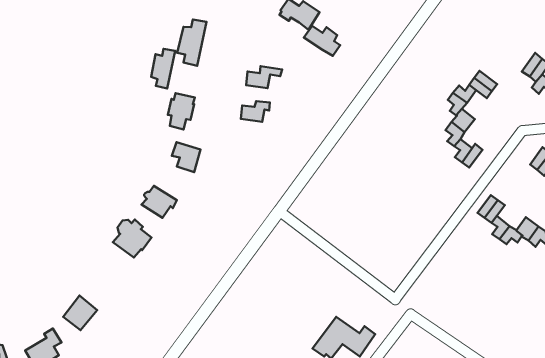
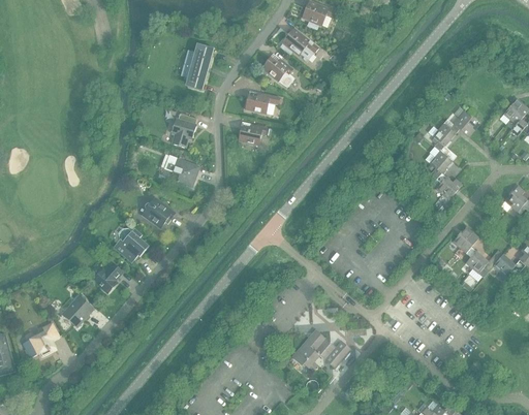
building: [304,26,340,56] -> [260,57,293,86]
building: [151,49,175,89] -> none
building: none -> [92,261,122,291]

